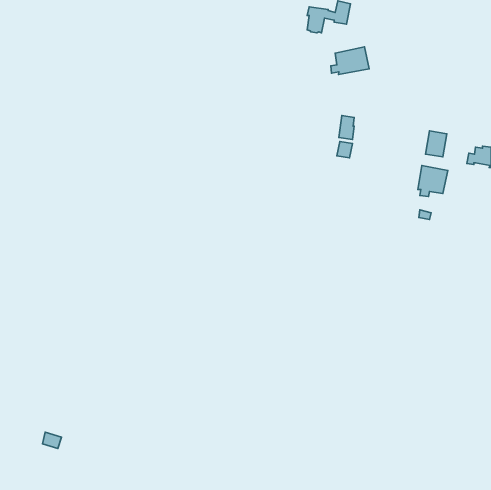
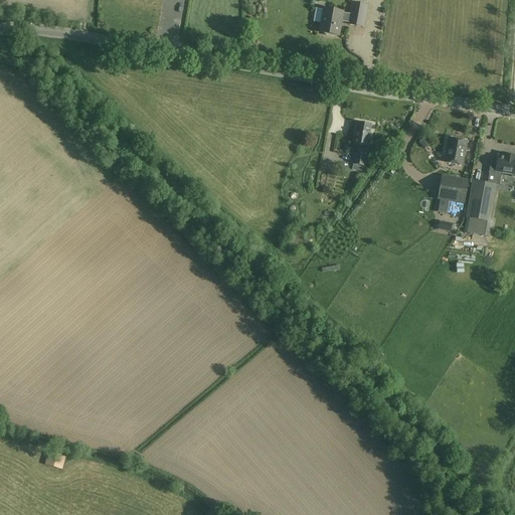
building: [331,47,369,74] -> none
building: none -> [464,179,495,235]

